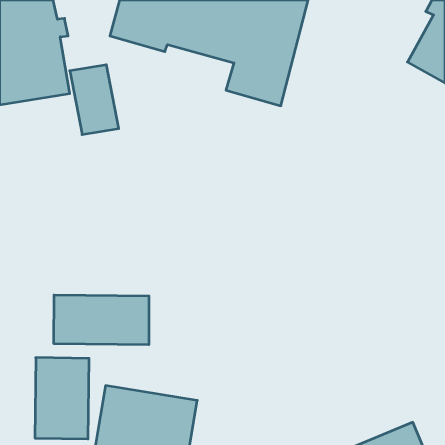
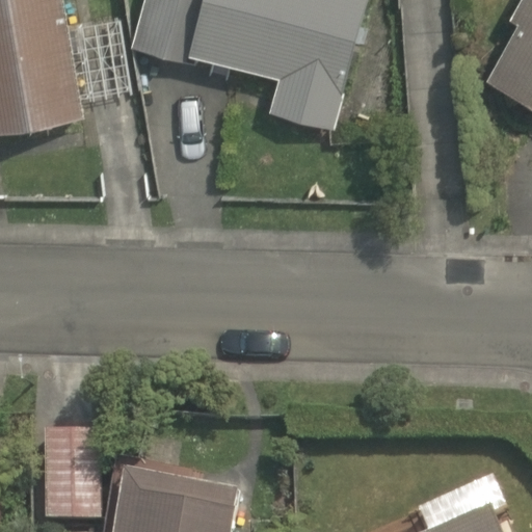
building: [54,295,149,345] -> none

